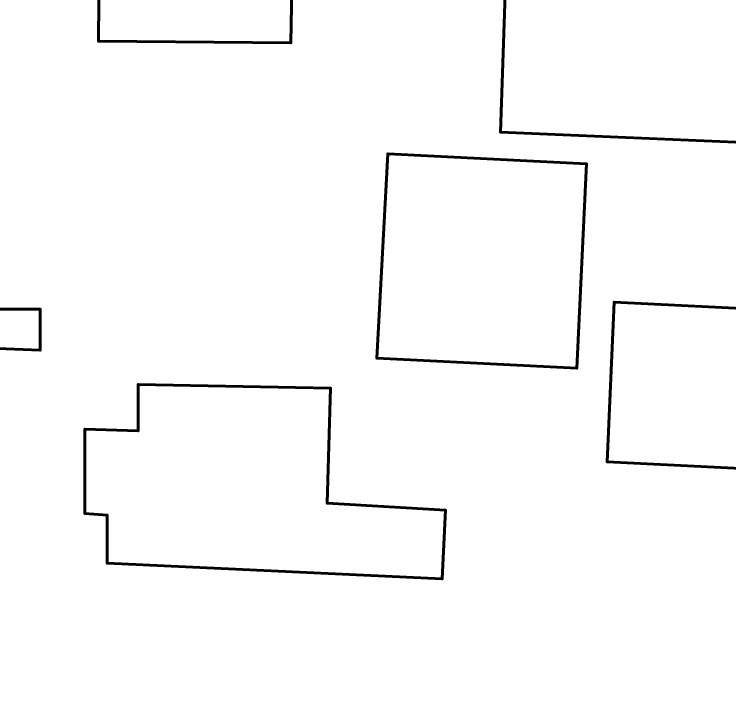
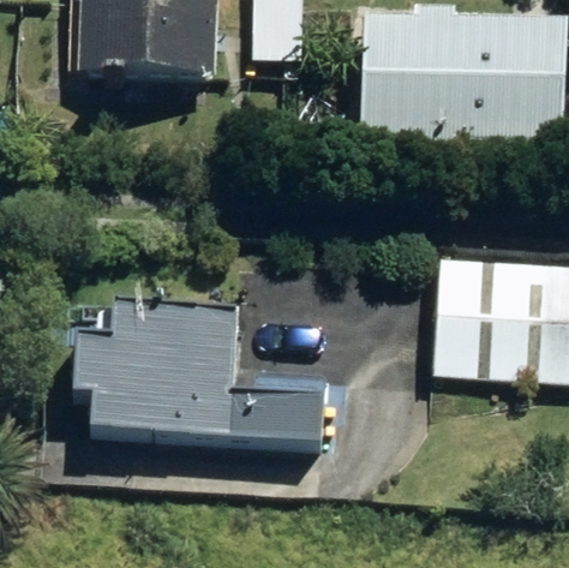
building: [377,154,586,368] -> none

